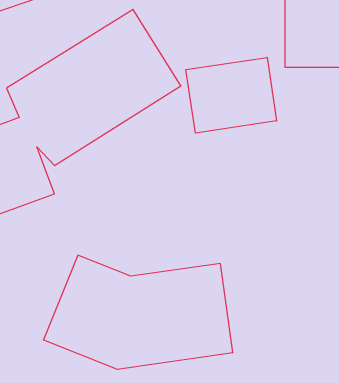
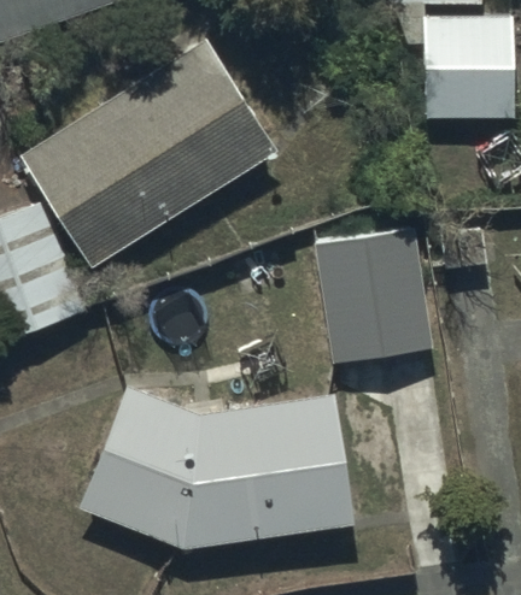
building: [186,57,277,133] -> none
building: none -> [320,263,428,364]

